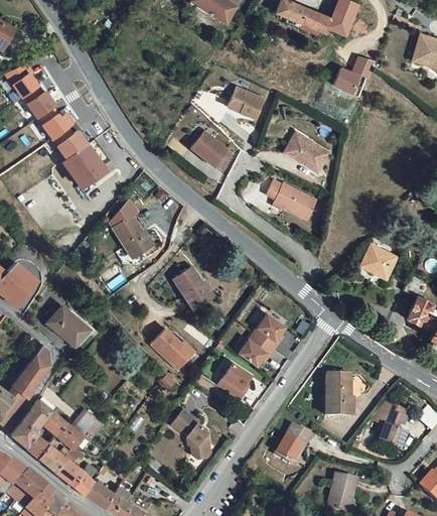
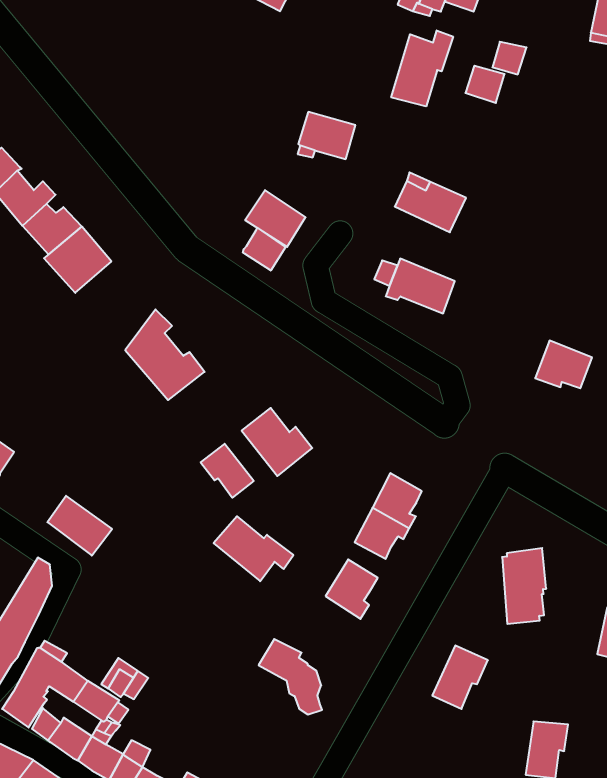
building: none -> [391,30,453,106]
building: none -> [243,228,286,271]
building: none -> [201,444,254,498]

